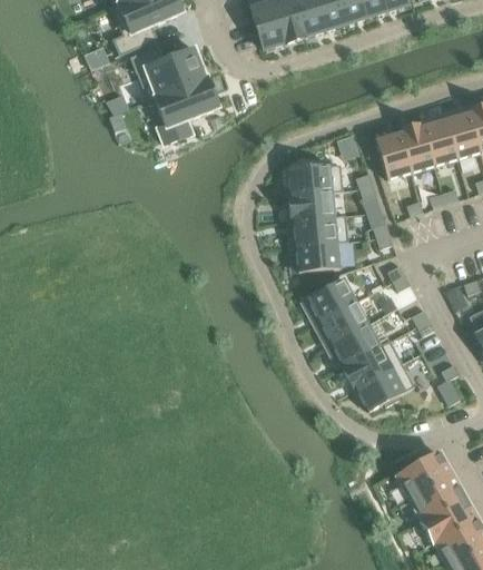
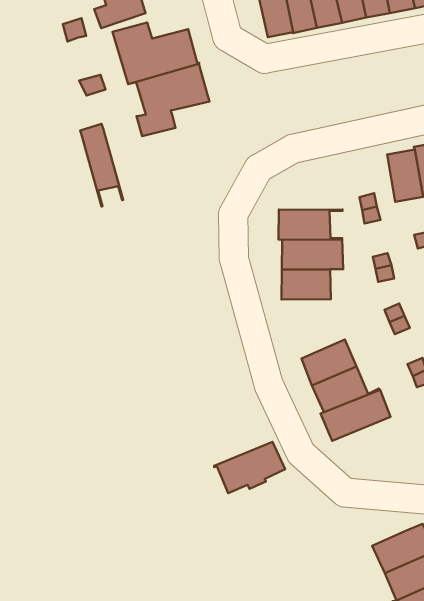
building: none -> [80,124,123,206]
building: [287,163,342,195] -> none
building: [306,278,355,321] -> none
building: [353,363,414,411] -> [214,442,285,493]

